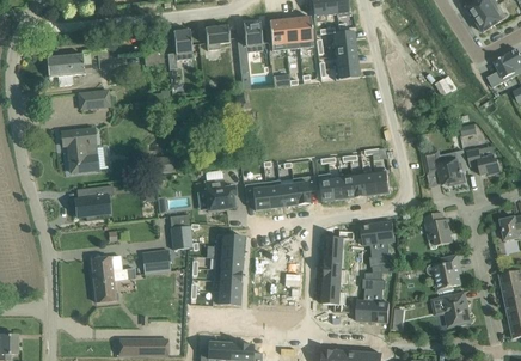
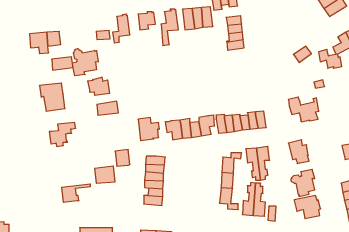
building: none -> [72,49,98,76]
building: none -> [88,77,110,95]
building: [467,147,501,175] -> [319,49,342,68]
building: [91,256,135,280] -> none

